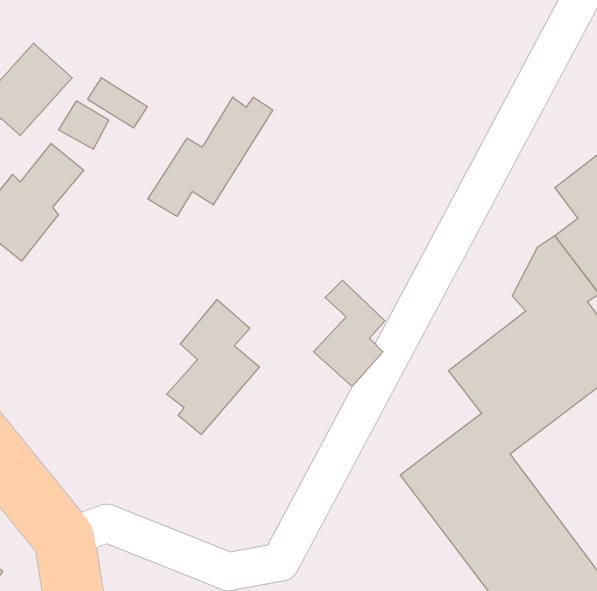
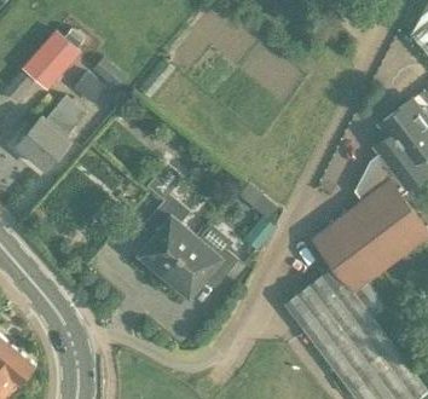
building: [148,97,273,216] -> none
building: none -> [160,236,238,295]

